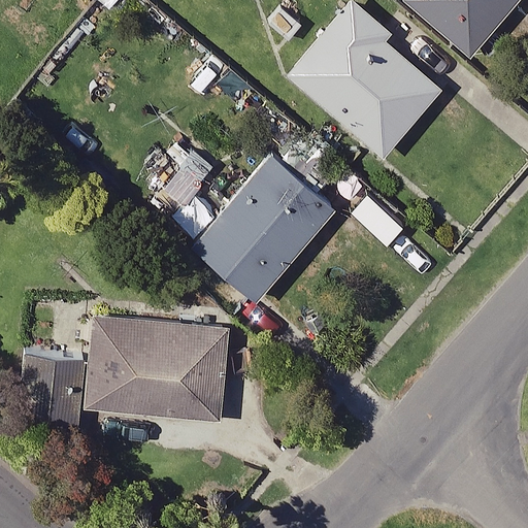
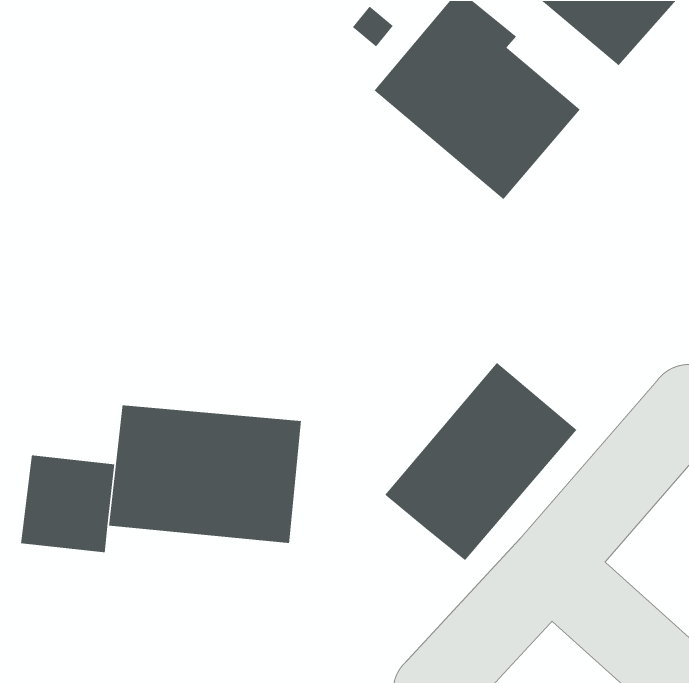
building: [191,153,336,302] -> none
building: none -> [384,362,578,561]

